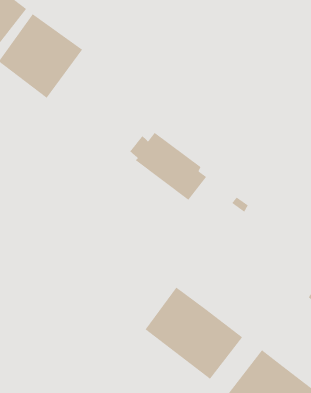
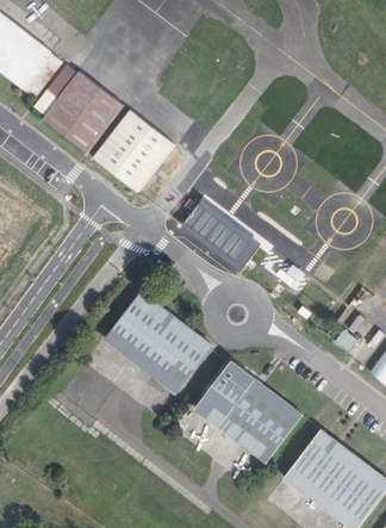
building: none -> [94,112,175,192]
building: none -> [106,292,212,393]

